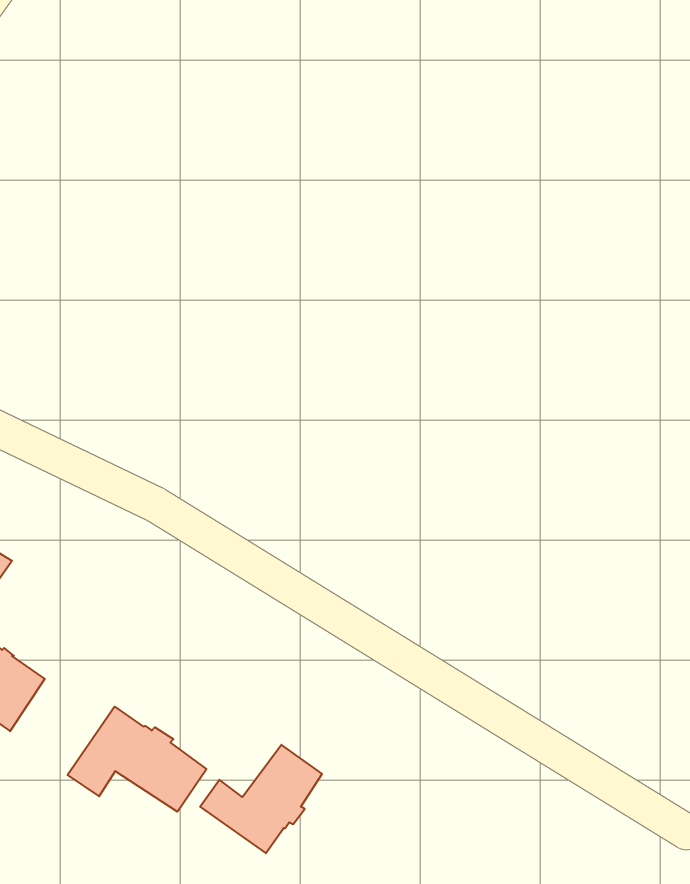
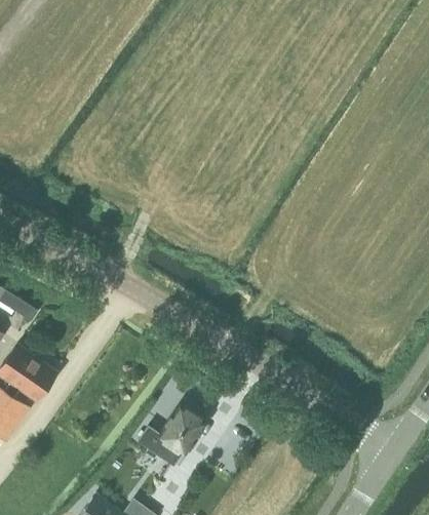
building: [68,707,206,812] -> none

